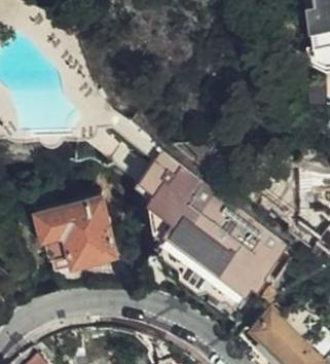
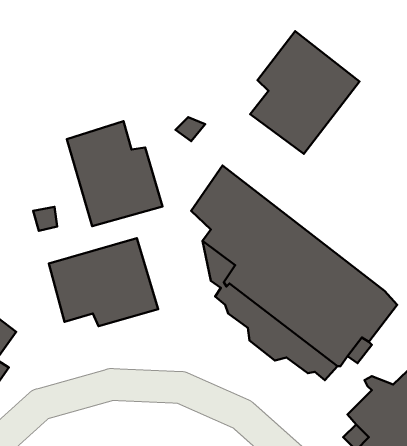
building: none -> [250,31,359,154]
building: none -> [67,121,162,226]

